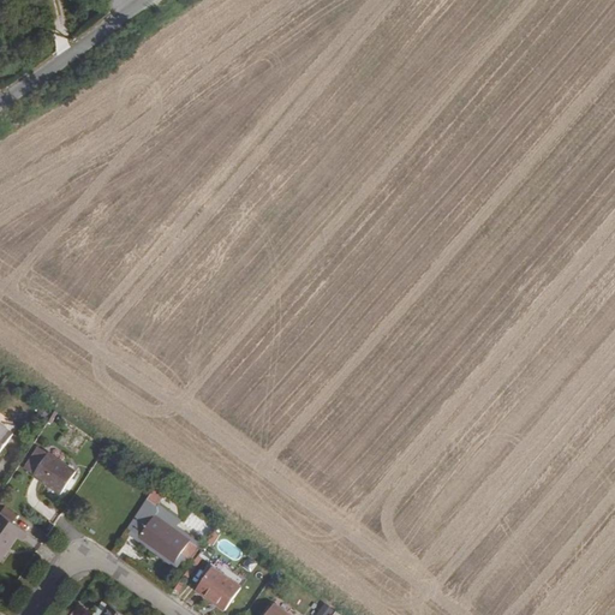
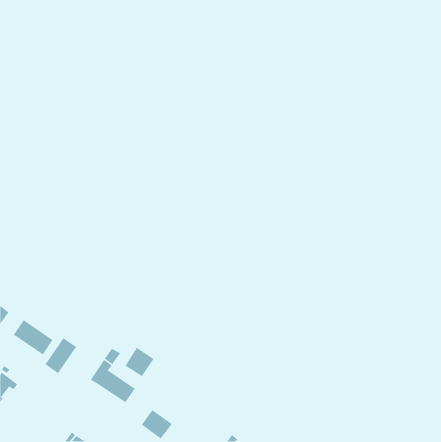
building: none -> [44,337,77,374]
building: none -> [125,347,154,377]

